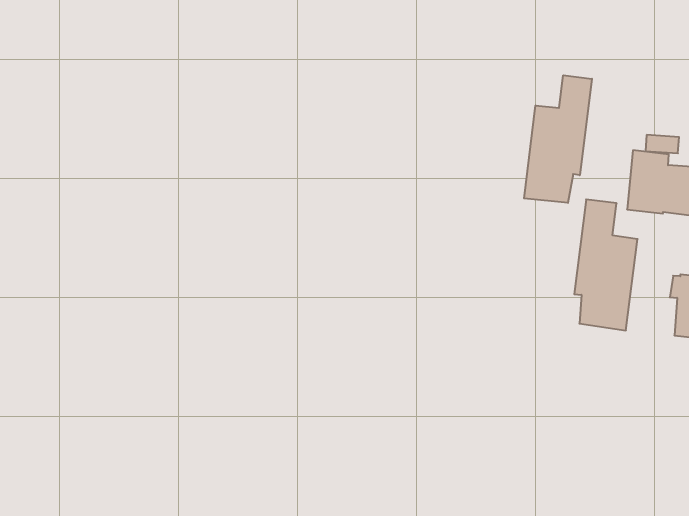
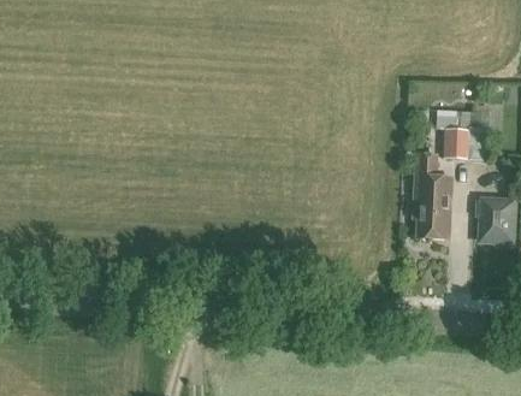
building: [524,75,592,203] -> none

